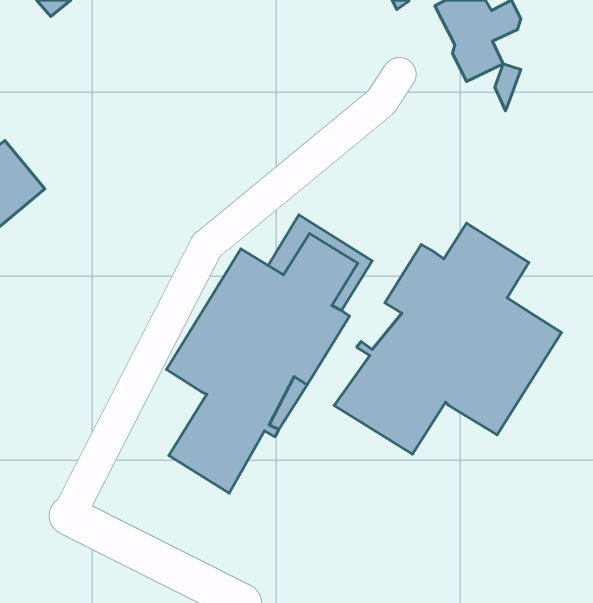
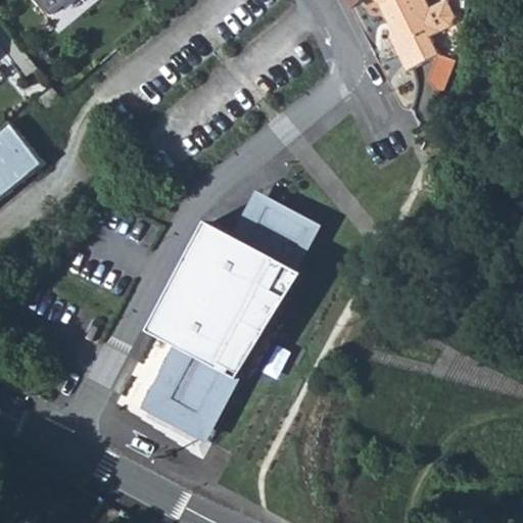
building: [334,223,562,454] -> none
building: none -> [136,340,237,440]

